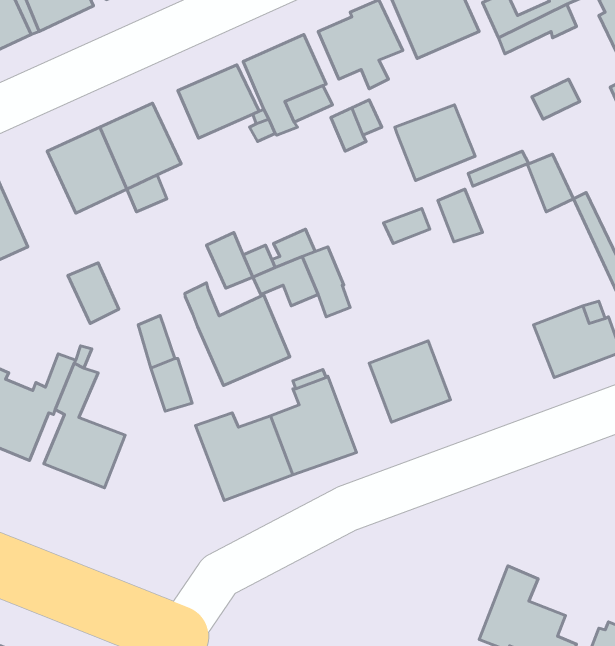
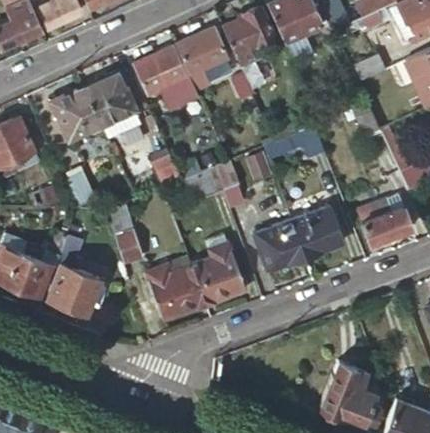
building: [395,105,475,180] -> none
building: [185,283,290,385] -> none
building: none -> [291,207,343,258]

